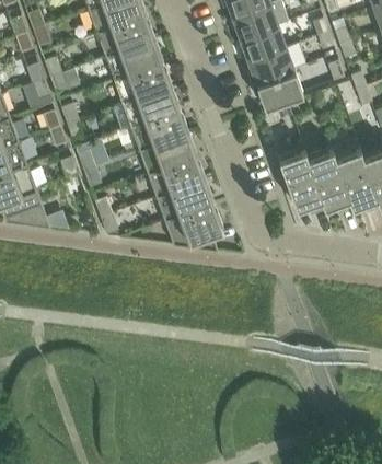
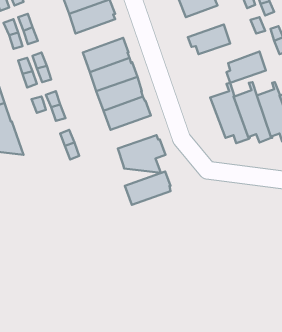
building: [246,46,294,84] -> [226,51,266,83]
building: [114,62,172,103] -> none
building: [157,179,212,220] -> [125,171,171,205]

